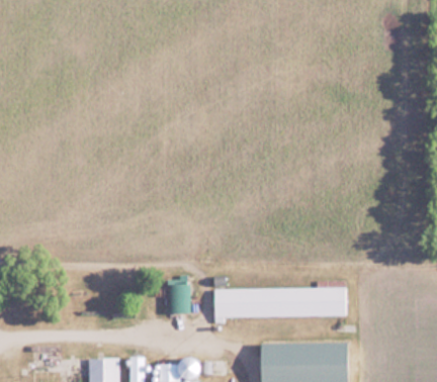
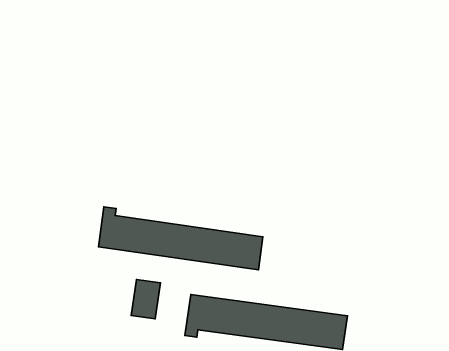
building: none -> [99,207,263,270]

